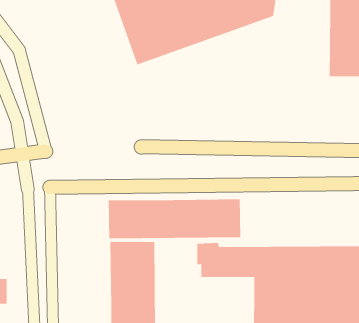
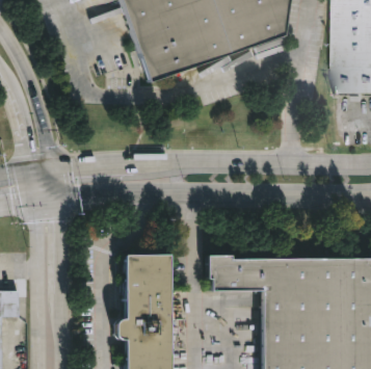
building: [108,198,241,239] -> none

